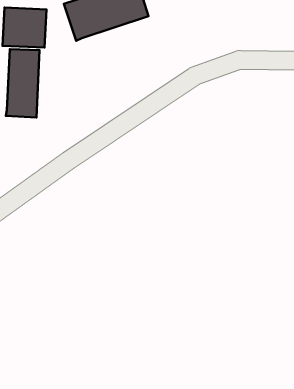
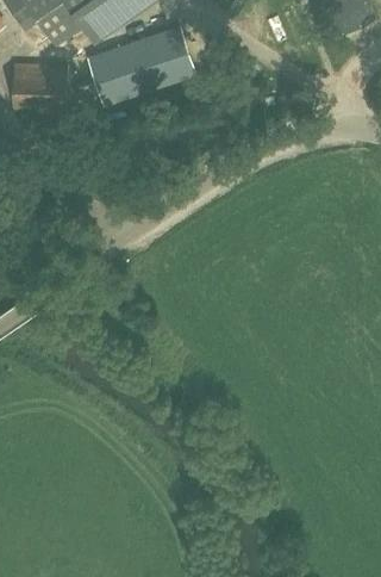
building: [6,49,39,117] -> none

